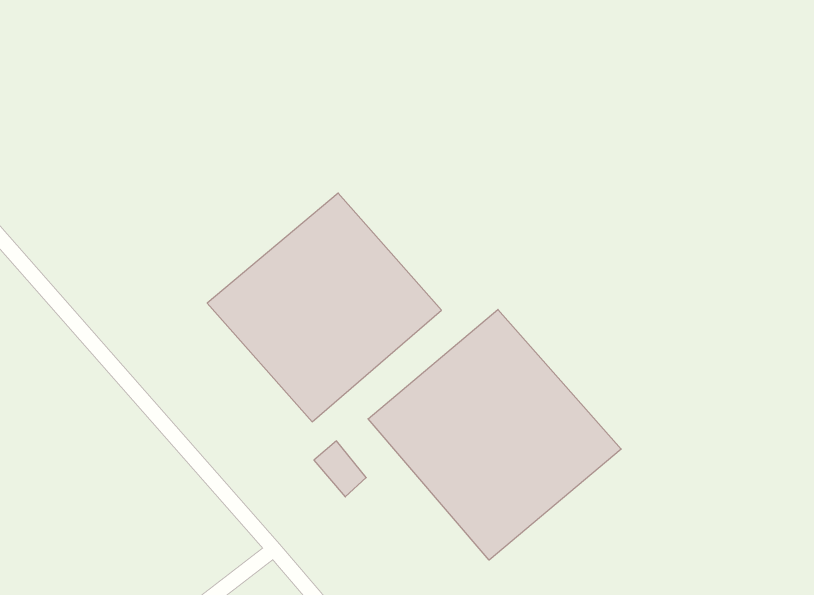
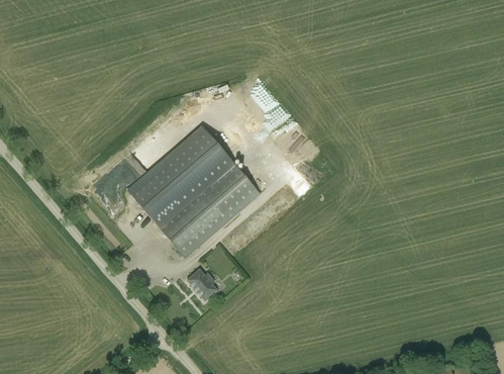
building: [368,309,621,560] -> none

